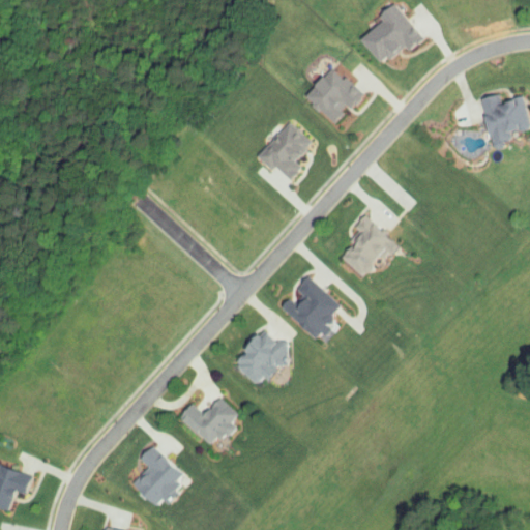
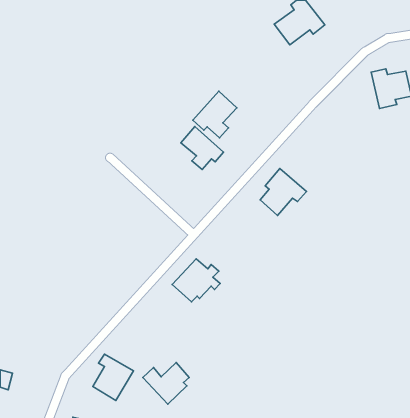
building: [304,66,362,122] -> none
building: none -> [181,127,224,170]
building: [281,275,341,340] -> none
building: [180,396,238,448] -> [143,363,189,404]

